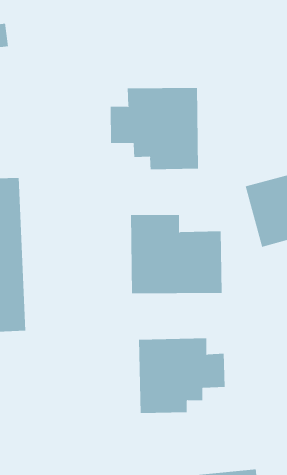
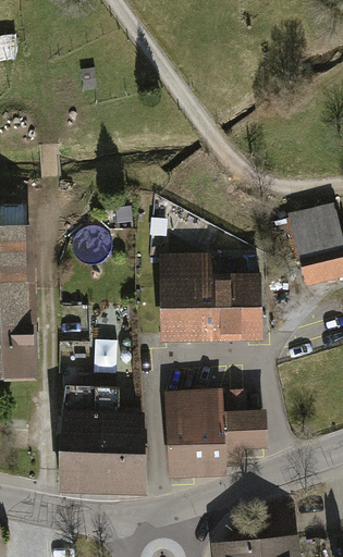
building: [110,87,199,170] -> none
building: none -> [56,342,145,492]

